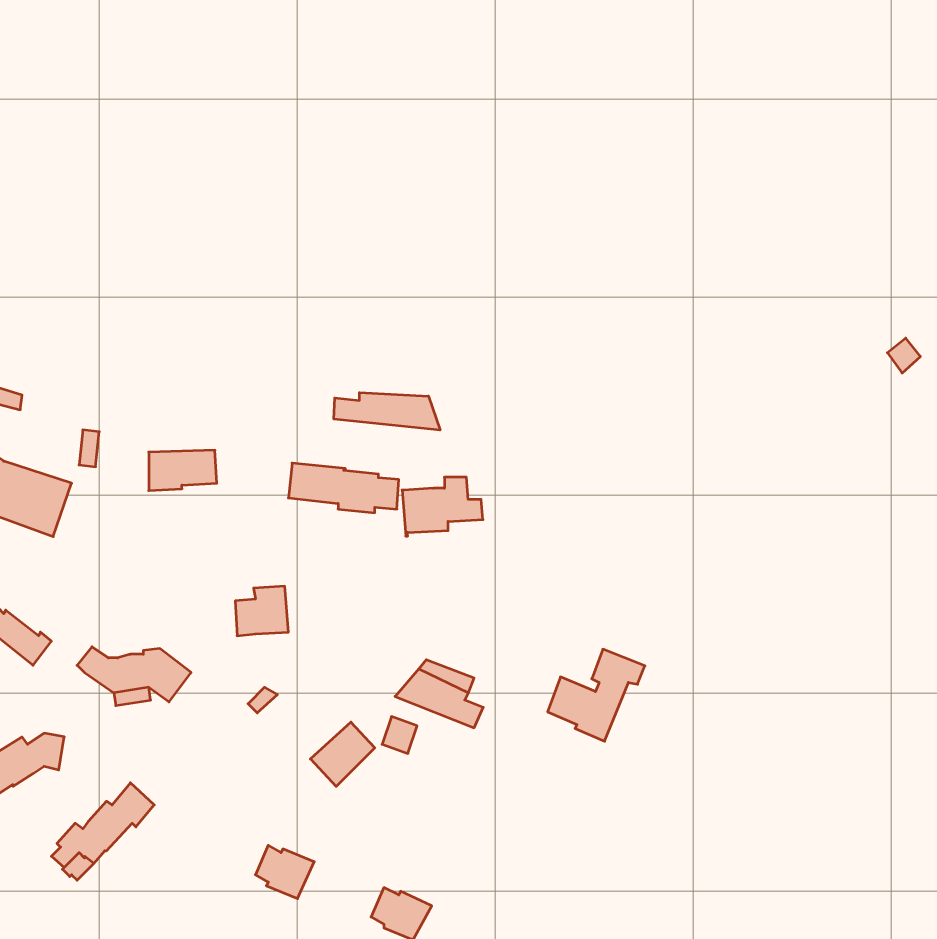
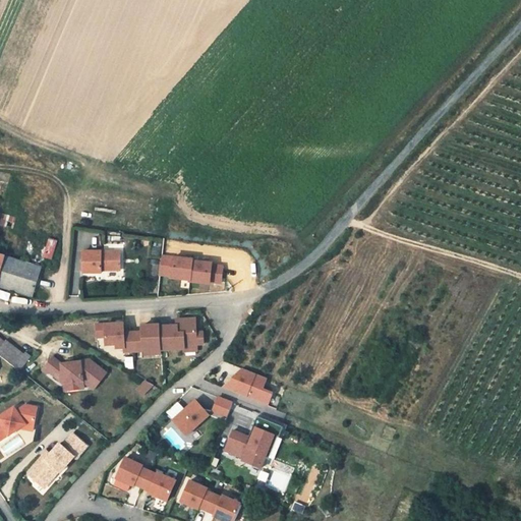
building: [334,393,440,430] -> none
building: [402,477,483,536] -> [158,317,202,350]
building: none -> [95,324,131,352]
building: [548,649,645,741] -> [225,412,279,463]
building: none -> [115,456,149,484]
building: none -> [180,478,213,508]

